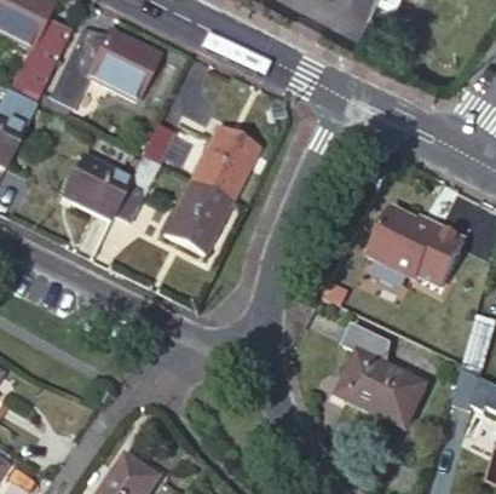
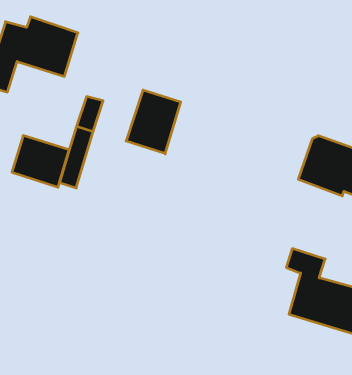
building: [165,180,232,254] -> none

